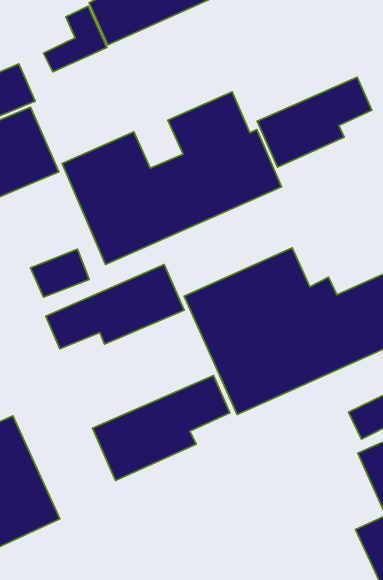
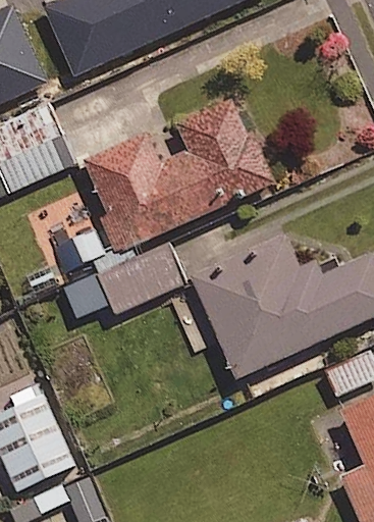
building: [257,77,372,167] -> none
building: [93,375,230,480] -> none

